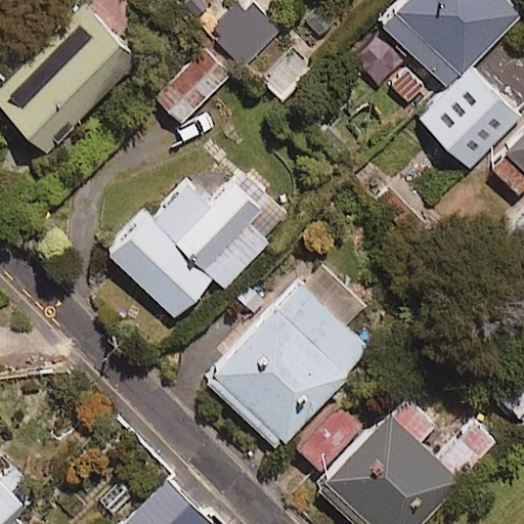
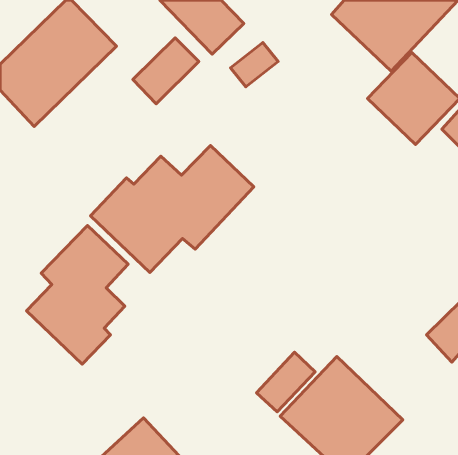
building: none -> [27,226,128,364]
building: [199,278,375,453] -> none

